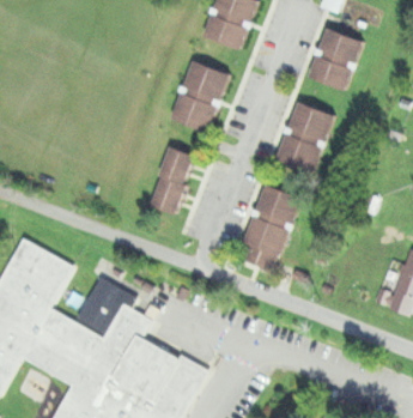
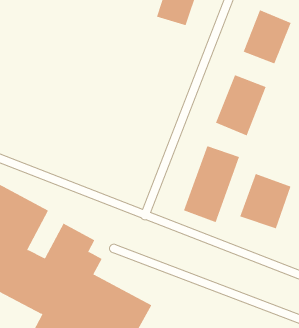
building: [170,61,230,134] -> none
building: [147,147,196,214] -> none
building: none -> [240,173,291,229]

